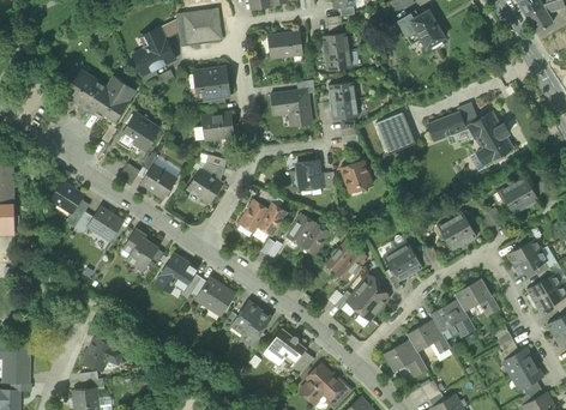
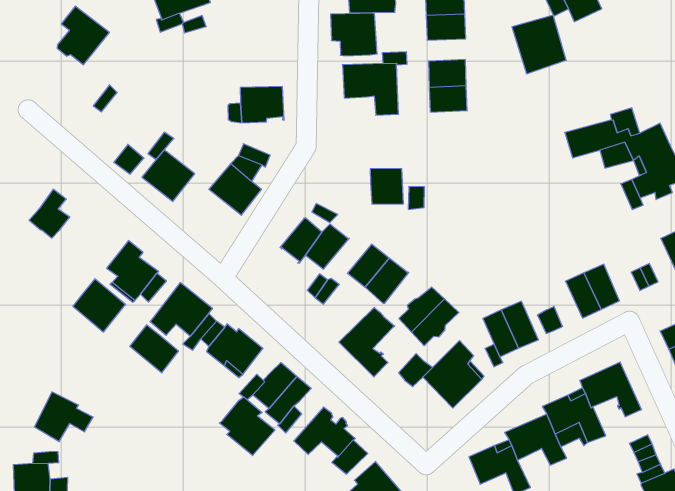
building: [194,68,229,100] -> [331,13,377,56]
building: [92,77,134,117] -> none
building: [375,113,415,155] -> [512,15,566,74]
building: [118,114,158,150] -> none
building: [341,161,373,189] -> none
building: [50,181,84,213] -> none
building: [88,206,124,242] -> [73,279,126,332]
building: none -> [339,307,395,377]
building: none -> [130,325,178,373]
building: none -> [219,397,275,456]

